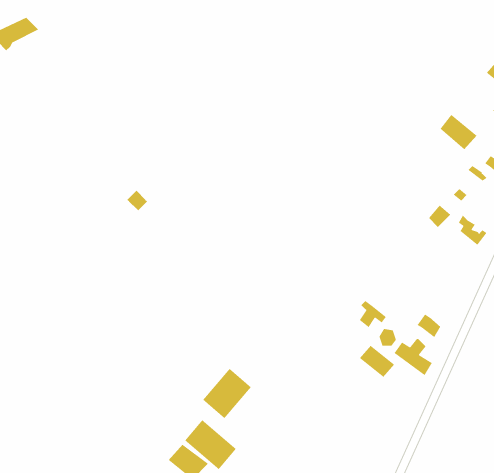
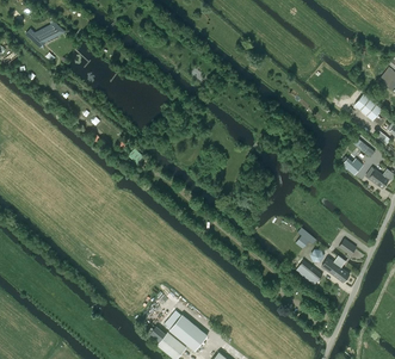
building: [202,368,252,419] -> none

